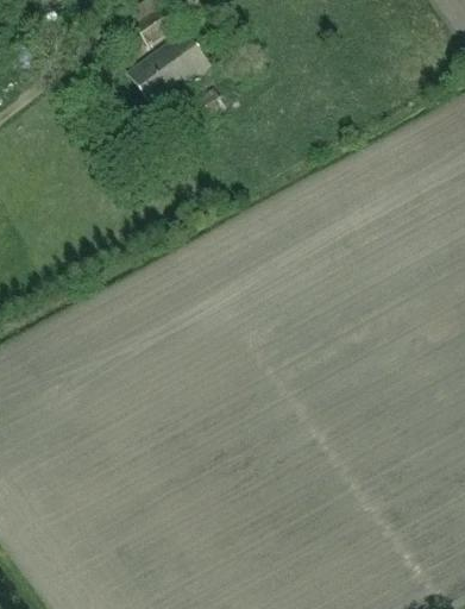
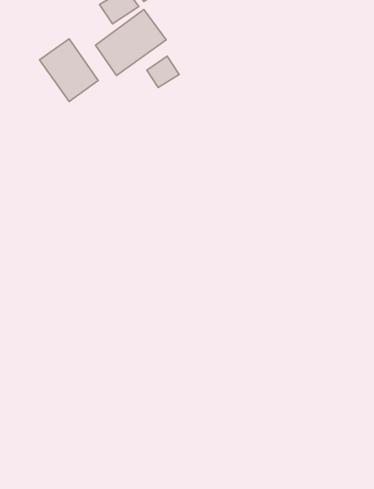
building: none -> [39,39,98,101]

